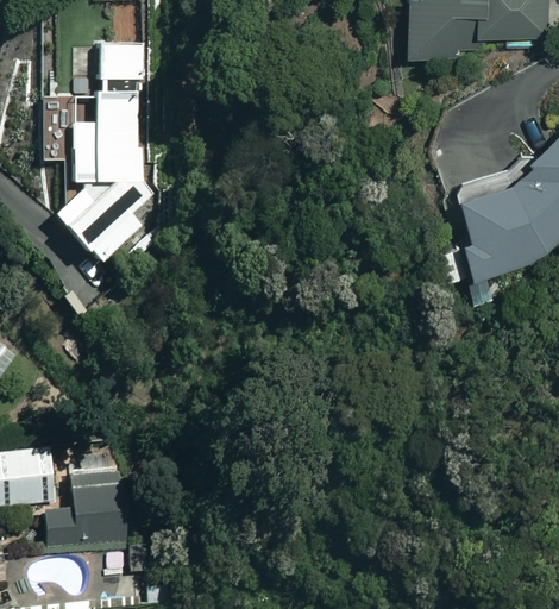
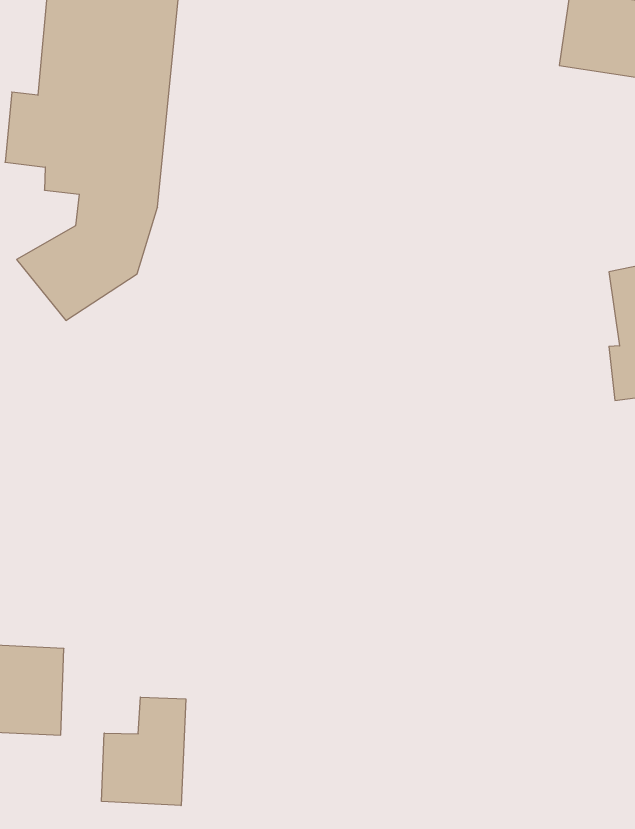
building: none -> [102,697,186,806]

